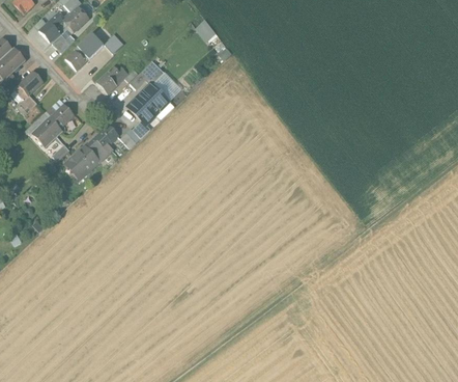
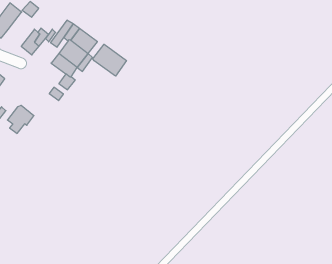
building: none -> [93,44,126,76]
building: [86,125,117,161] -> none

